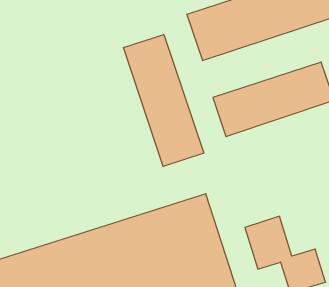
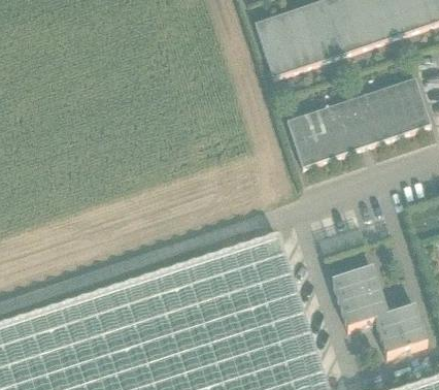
building: [124,34,204,167] -> none

